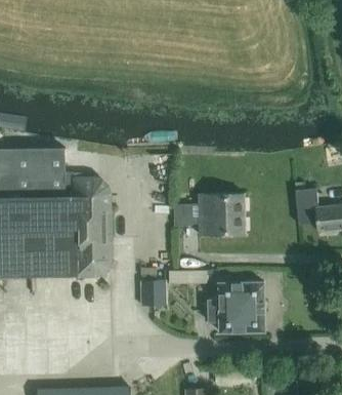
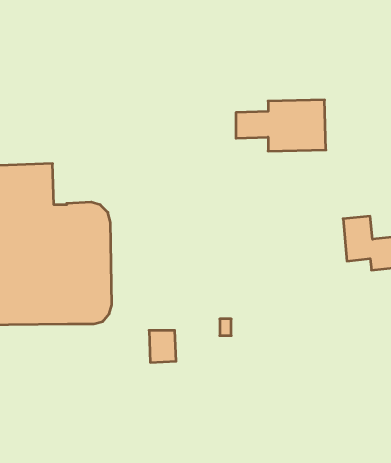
building: [173,194,245,235] -> [236,100,326,151]
building: [208,282,264,332] -> none

